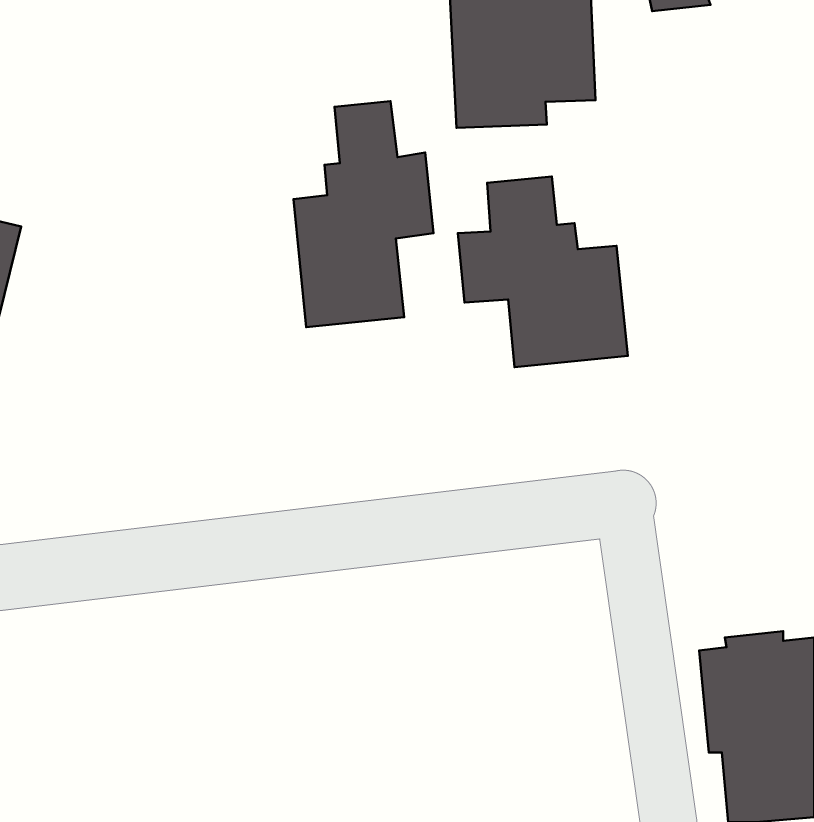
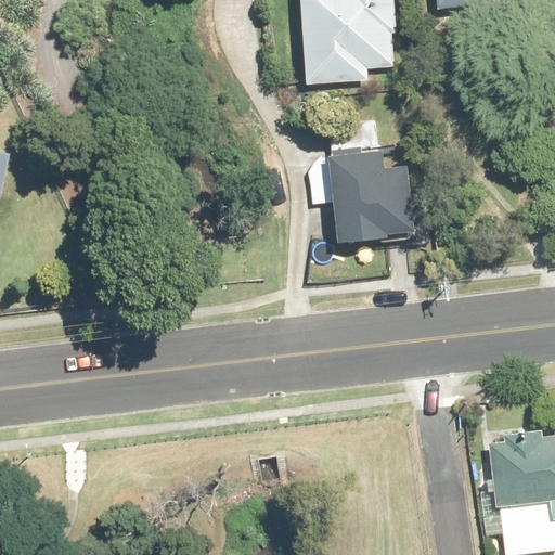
building: [294,101,434,327] -> none

